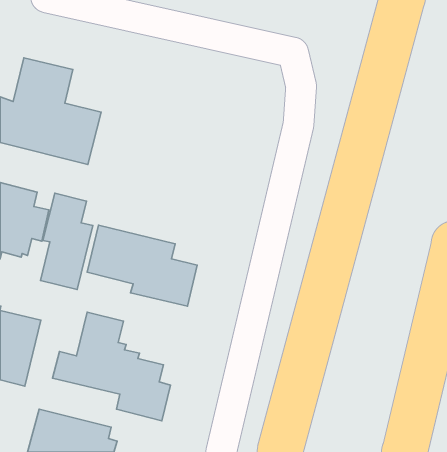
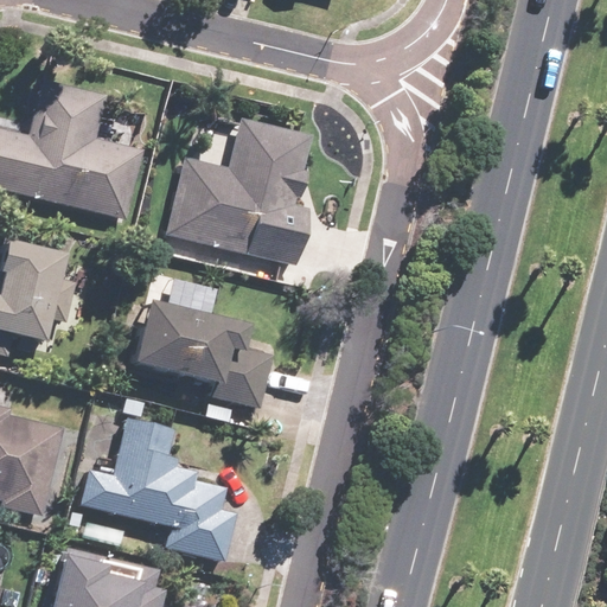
building: none -> [167,117,312,266]
building: [41,193,93,289] -> none

